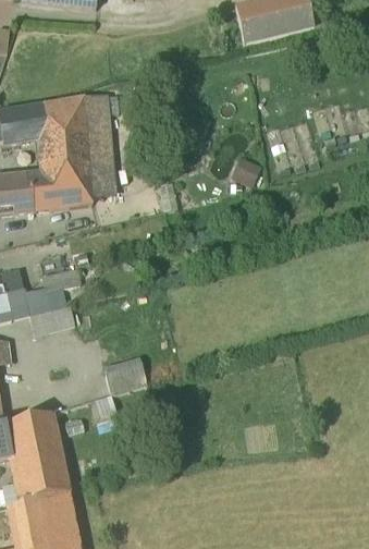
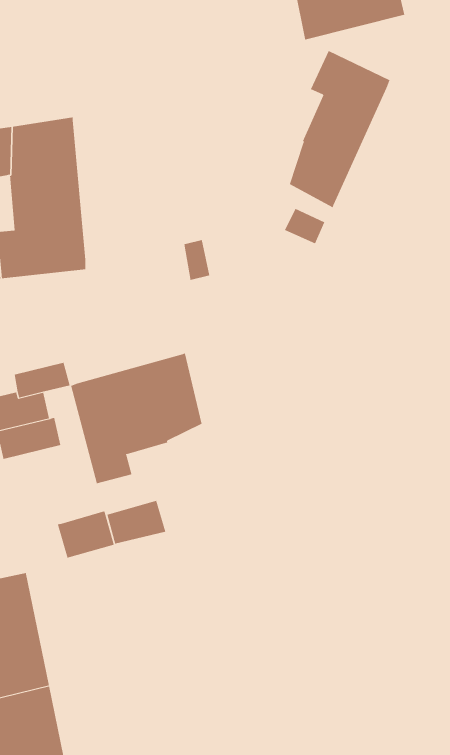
building: none -> [289,50,390,208]
building: [84,95,114,195] -> none
building: none -> [70,352,202,484]
building: none -> [57,511,115,558]

